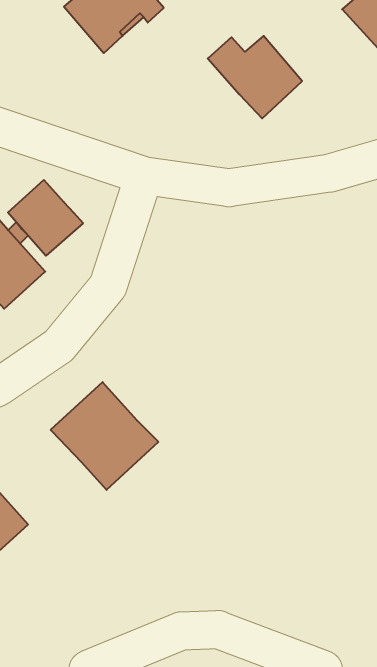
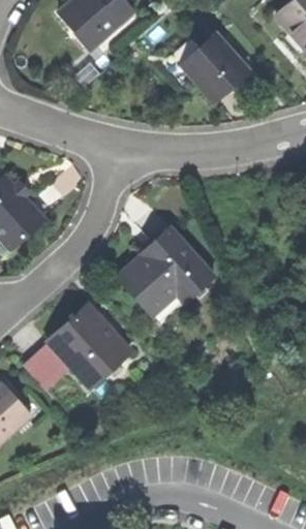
building: [8,180,83,256] -> none
building: none -> [118,226,215,324]
building: none -> [25,342,72,388]

